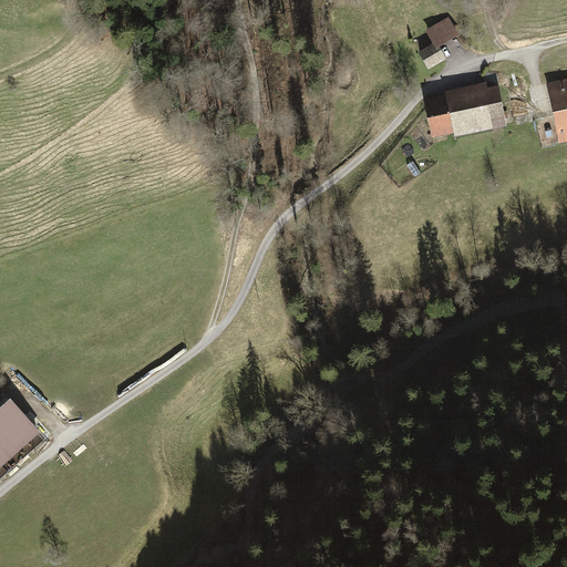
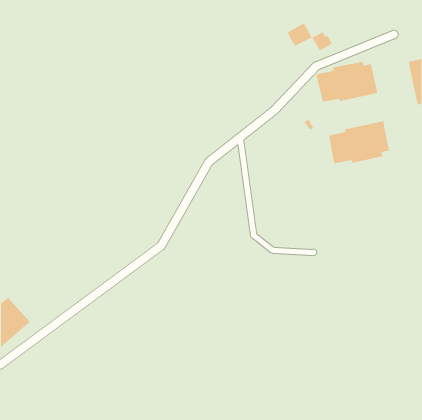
building: [426,16,461,49] -> [287,23,312,47]
building: none -> [328,121,390,164]

